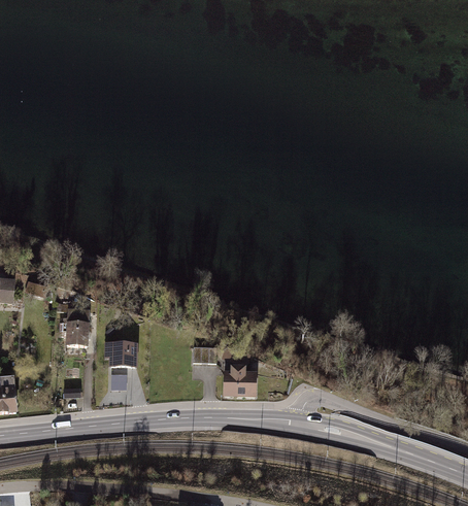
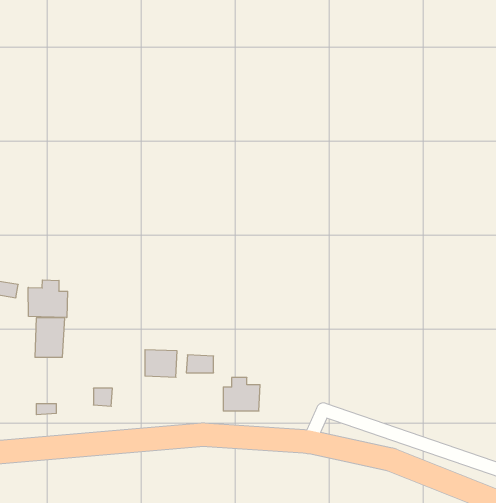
building: none -> [28,280,68,318]
building: [109,341,137,365] -> [145,350,177,377]

